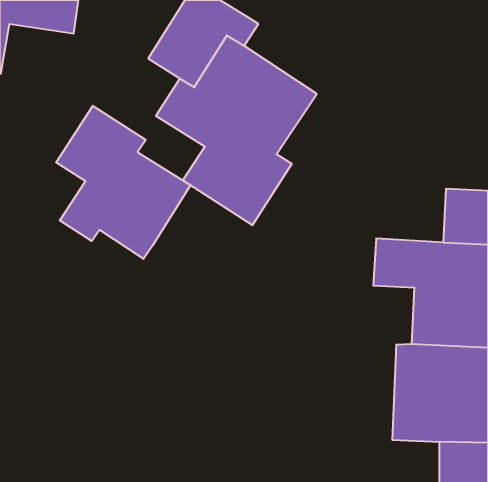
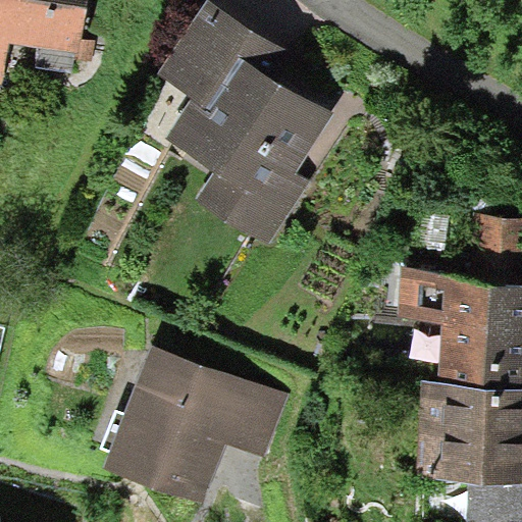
building: [56,106,191,259] -> none
building: none -> [108,356,288,510]

